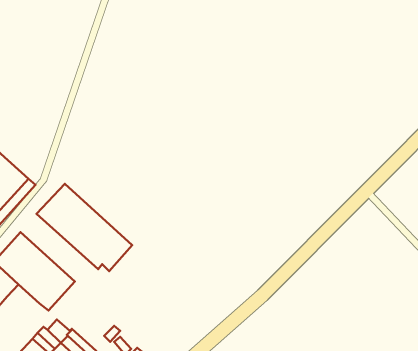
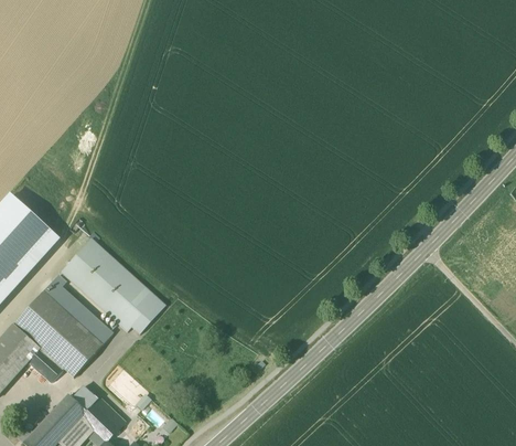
building: none -> [42,274,112,344]
building: none -> [28,348,63,382]

